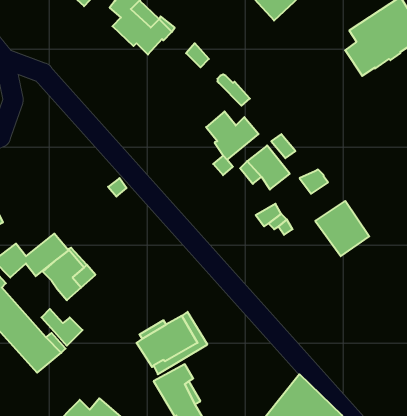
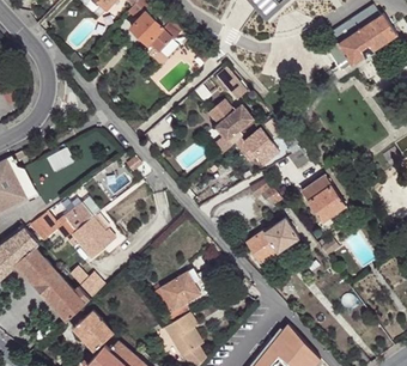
building: none -> [245,218,298,263]
building: none -> [73,309,114,350]

